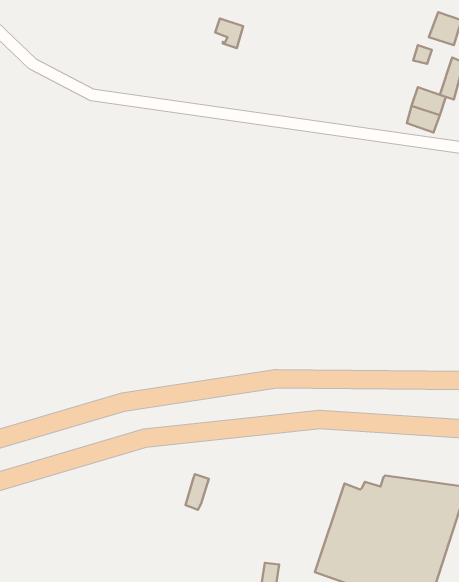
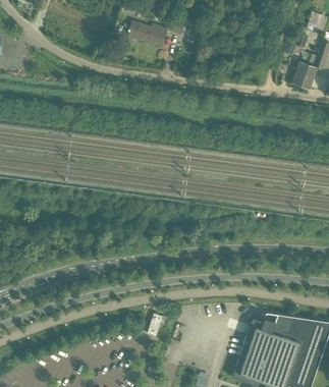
building: none -> [127,21,168,47]

